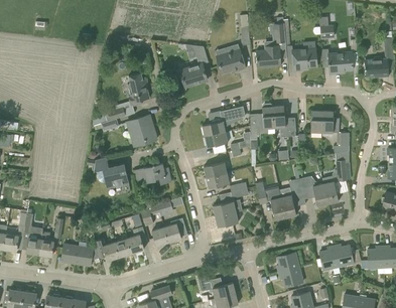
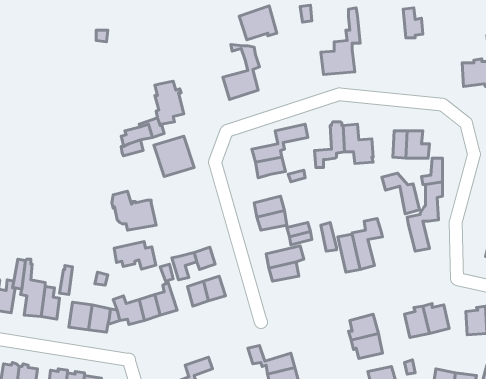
building: [292,40,316,70] -> none
building: [216,47,245,73] -> [239,6,277,40]
building: [327,50,353,73] -> none
building: [139,163,171,184] -> [114,242,156,269]
building: [298,175,327,206] -> [382,173,420,214]

